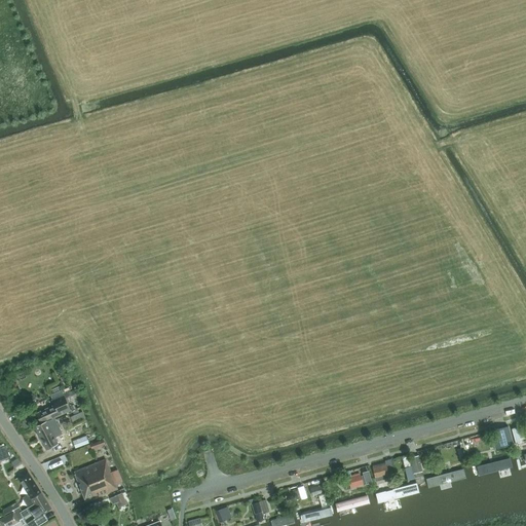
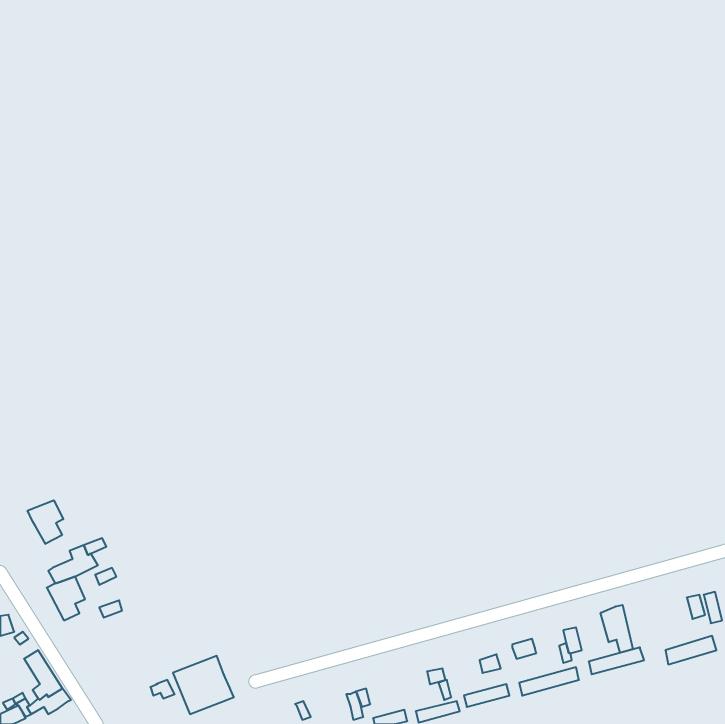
building: none -> [28,500,63,544]
building: none -> [601,605,633,653]
building: [73,458,117,500] -> [173,656,234,714]

